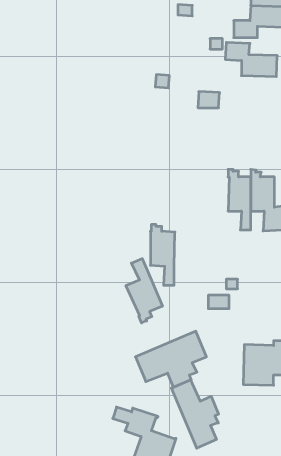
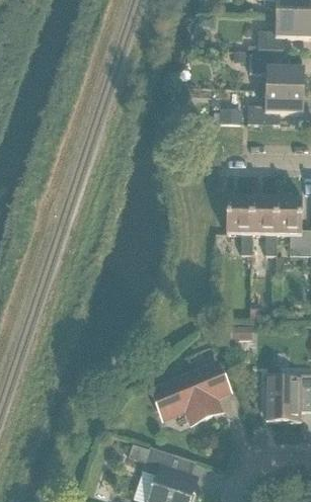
building: none -> [247,89,303,123]
building: [150,225,175,285] -> [226,189,252,254]
building: [126,259,162,323] -> none
building: [171,380,219,448] -> none

